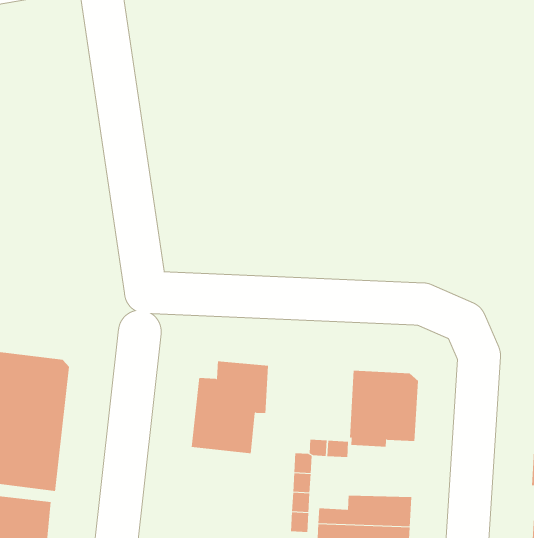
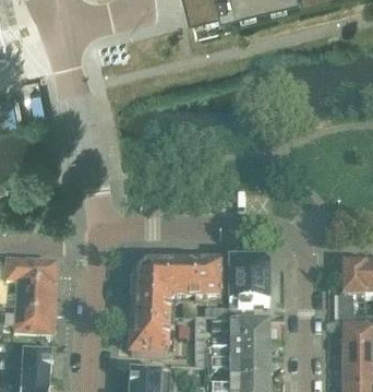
building: none -> [178,261,222,297]
building: none -> [131,313,170,353]
building: none -> [213,319,269,337]

